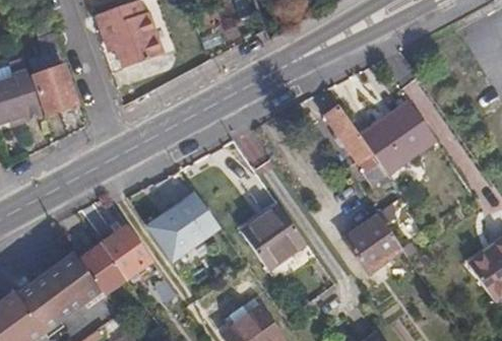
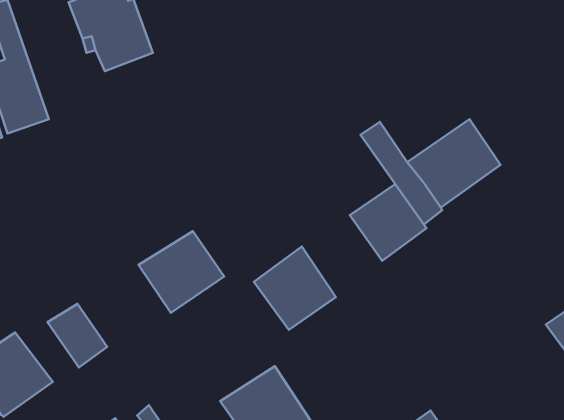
building: [342,215,402,275] -> [350,184,426,261]
building: [102,227,176,302] -> none
building: [53,257,101,309] -> none

